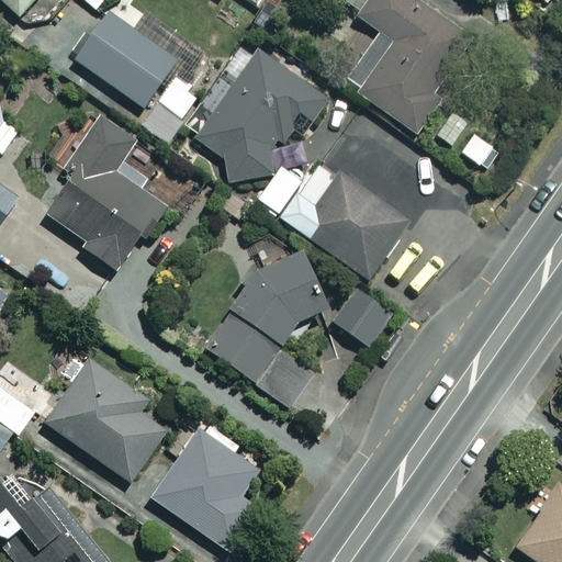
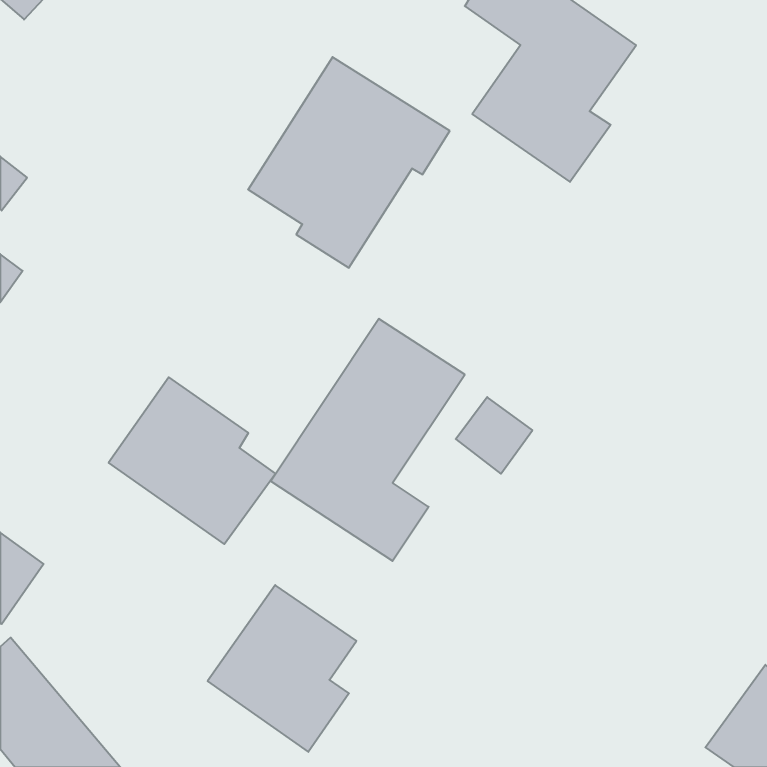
building: [75,9,200,119] -> none
building: [45,117,160,269] -> none
building: [255,160,407,279] -> none
building: [44,358,166,480] -> [109,377,275,544]

